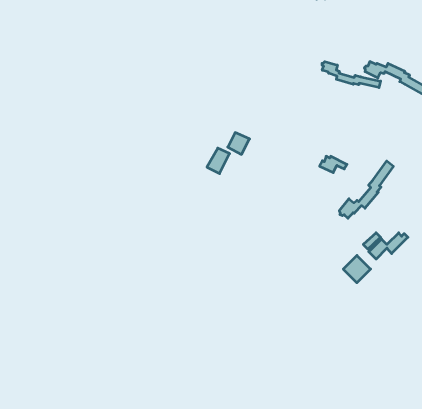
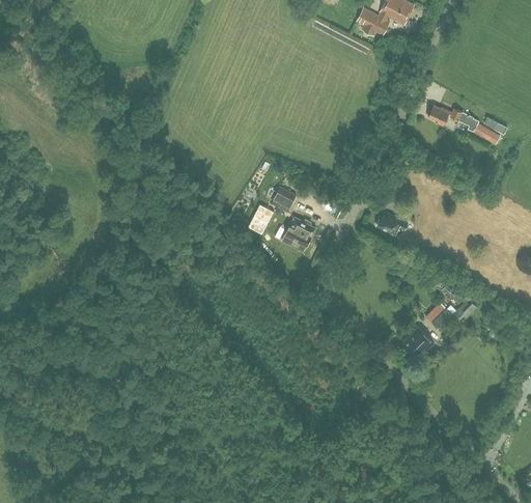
building: [322,62,381,88] -> none
building: none -> [284,216,315,246]
building: [339,161,393,218] -> none

